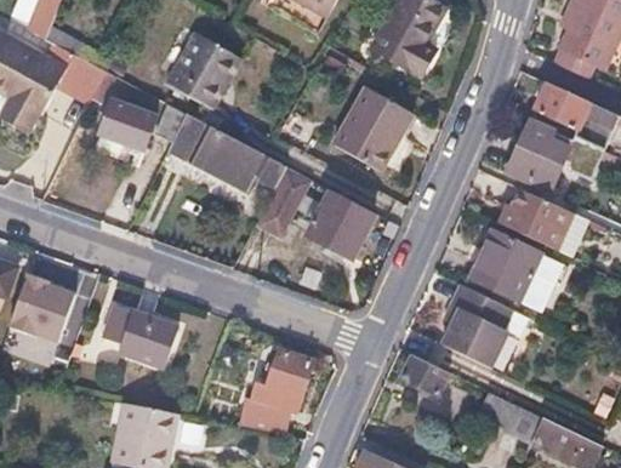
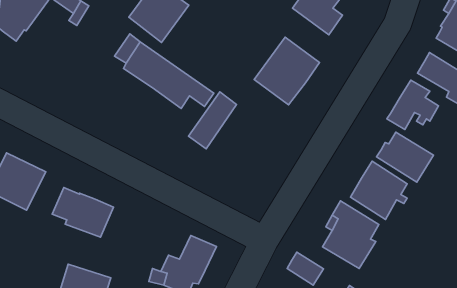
building: [97,99,155,150] -> none
building: [304,194,369,258] -> none

